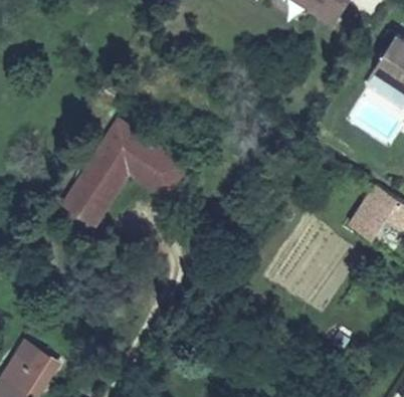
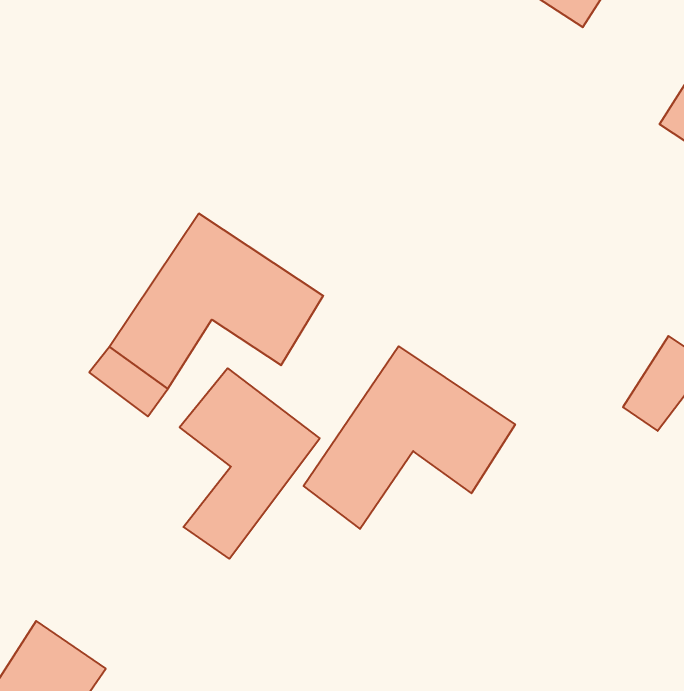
building: none -> [304,346,515,529]
building: none -> [180,368,320,559]

